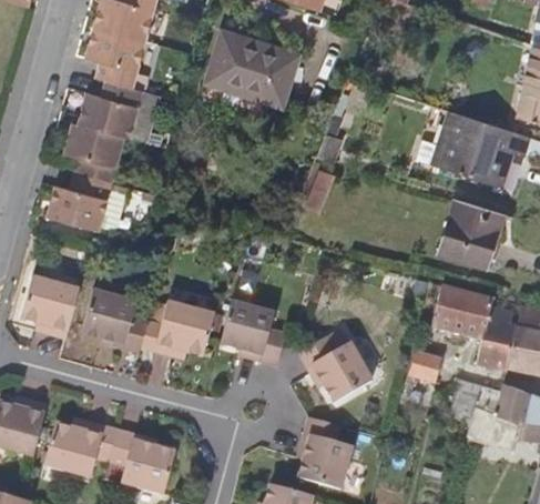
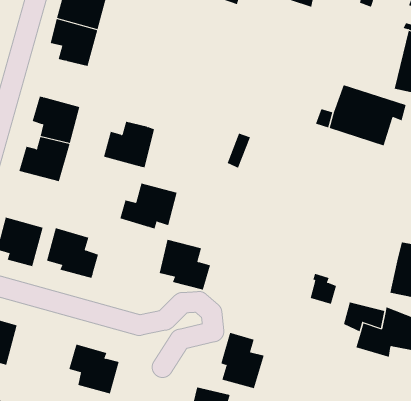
building: [207,31,298,102] -> none
building: [79,81,143,139] -> [103,121,155,168]
building: [439,199,503,265] -> none
building: [431,285,517,369] -> none
building: [141,300,213,357] -> [120,183,178,229]
building: [299,329,371,402] -> none
building: [43,420,119,478] -> none

